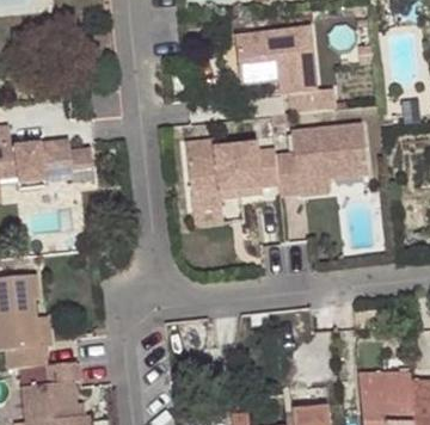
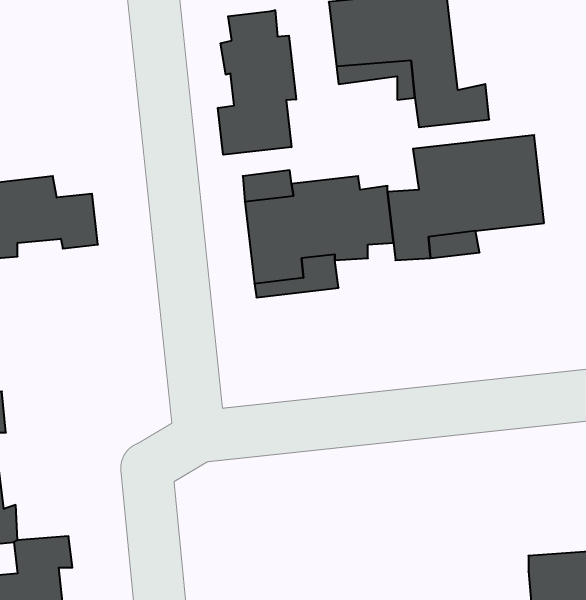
building: none -> [218,10,296,155]

